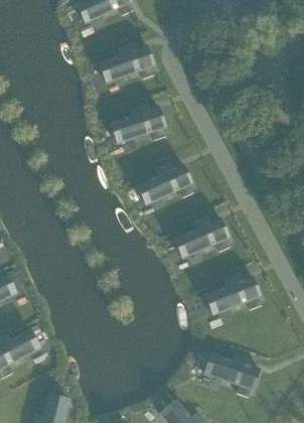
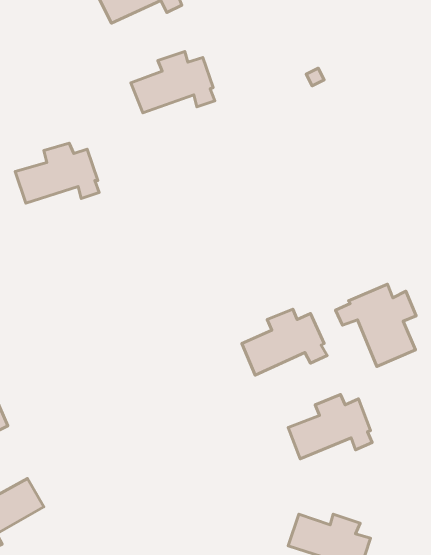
building: [109,104,165,144] -> [15,143,99,203]
building: [136,162,192,205] -> none
building: none -> [335,284,416,366]

